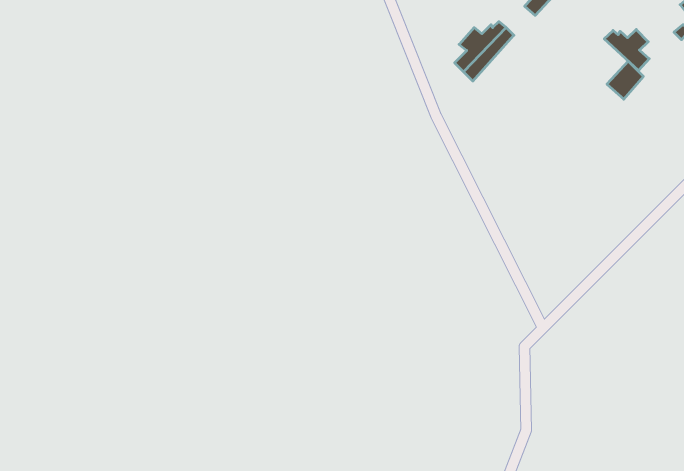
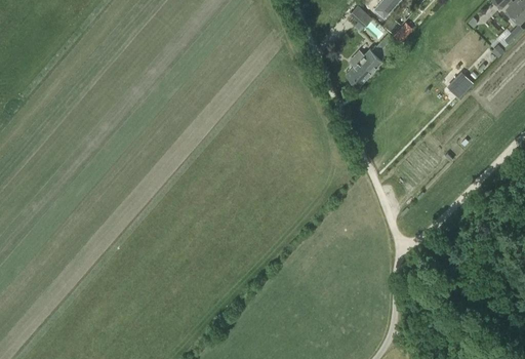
building: [604,29,649,71] -> none

